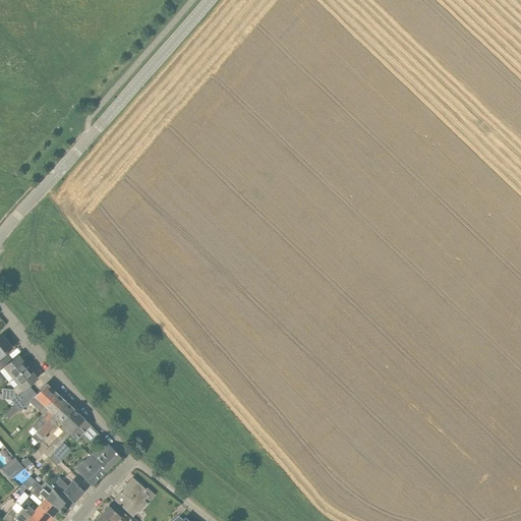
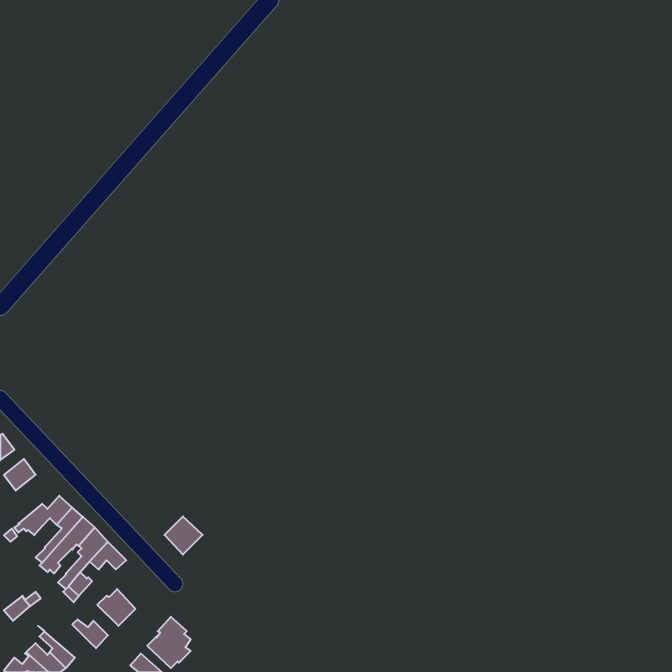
building: [10,367,38,405] -> none
building: [91,442,120,471] -> [164,516,203,555]
building: [25,476,69,509] -> none

